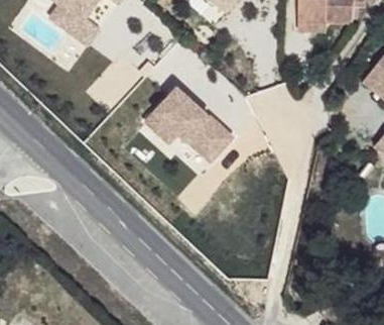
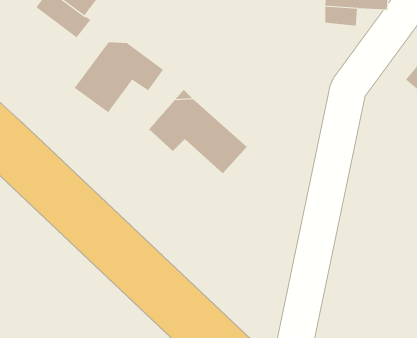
building: none -> [74,42,164,113]

